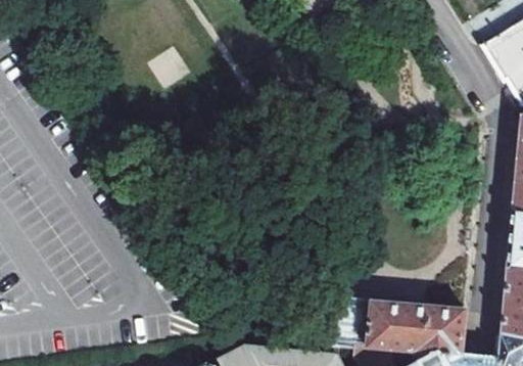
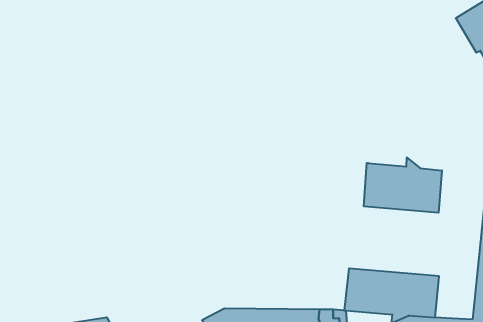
building: none -> [364,157,442,213]

